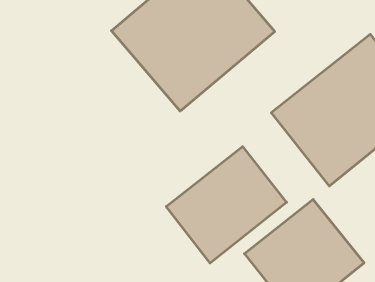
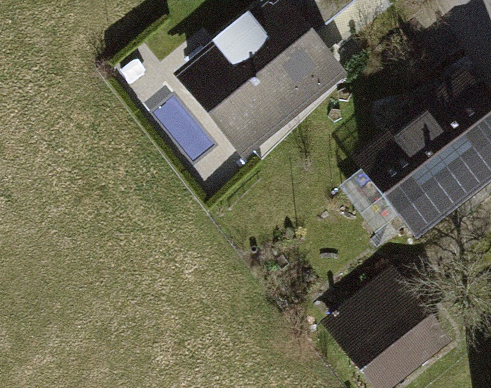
building: [166,147,287,263] -> none

